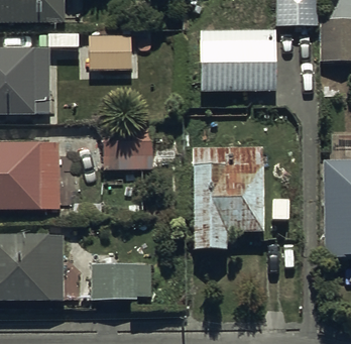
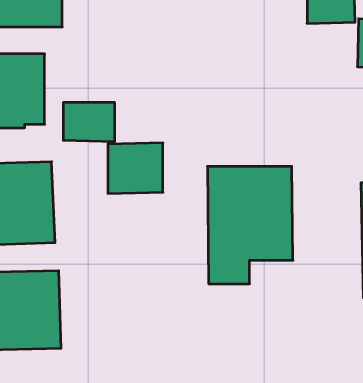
building: [200,28,279,105] -> none
building: [88,34,132,68] -> [63,103,115,141]
building: [91,262,151,300] -> none

